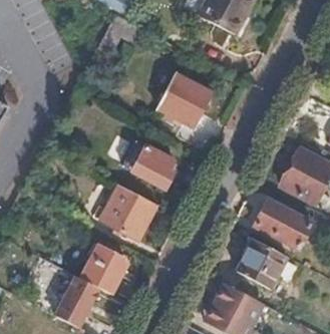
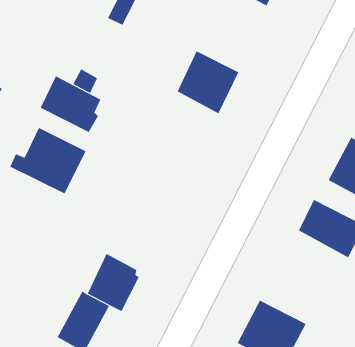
building: [122,139,174,188] -> [40,75,101,133]
building: [91,184,155,240] -> [10,127,86,194]
building: [237,238,288,288] -> none

